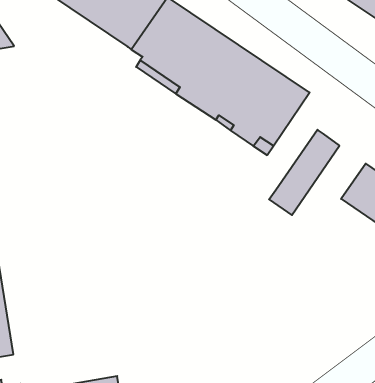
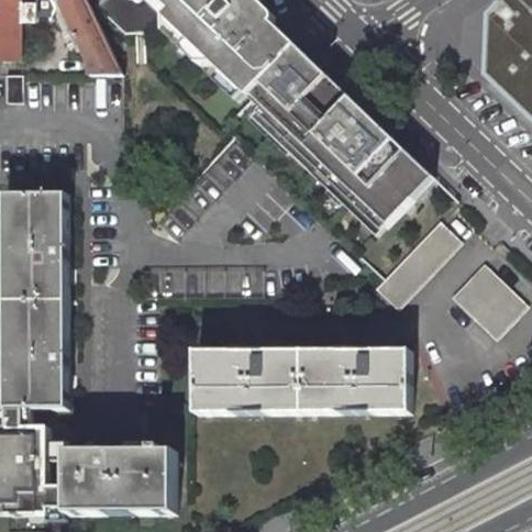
building: none -> [195,348,409,411]

